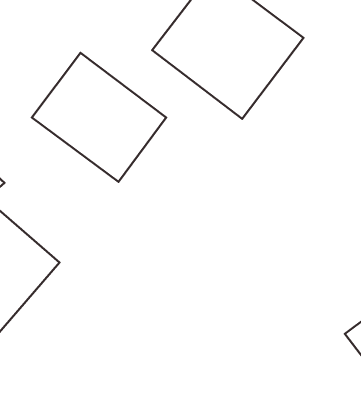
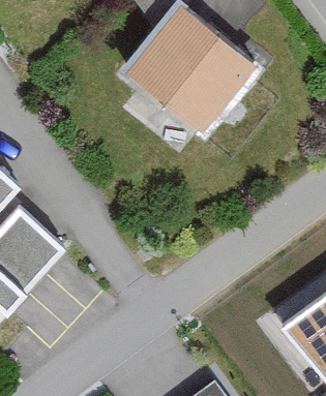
building: [32,53,166,182] -> none

